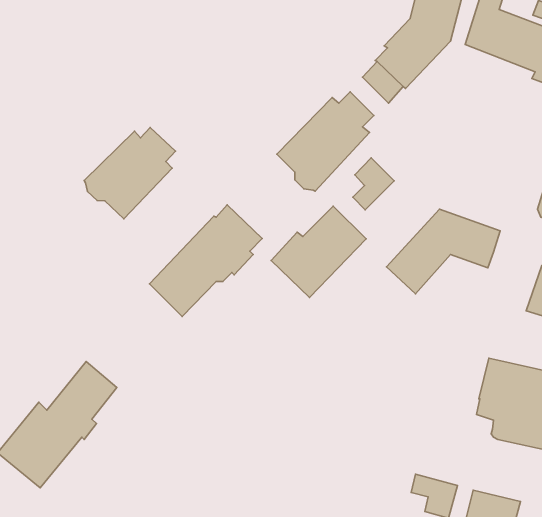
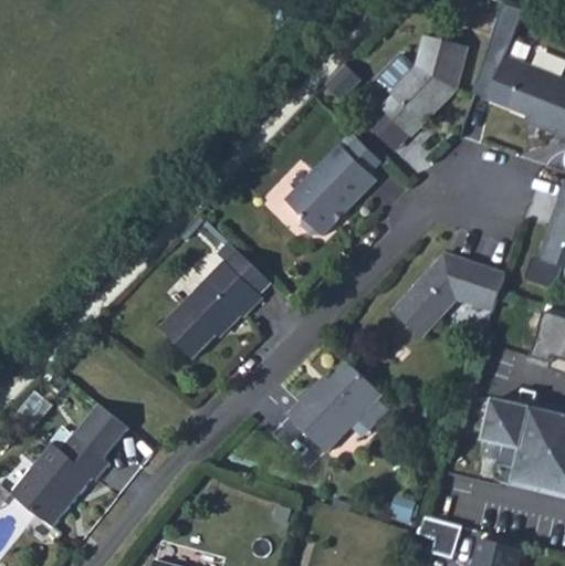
building: [84,127,176,219] -> none
building: [353,158,394,210] -> none
building: [271,206,366,298] -> [287,361,380,451]

